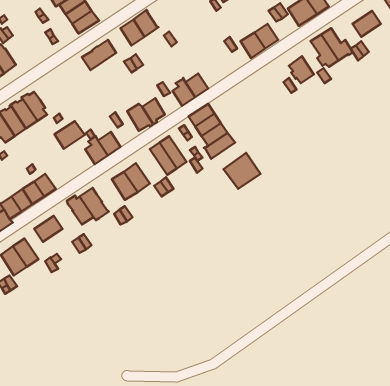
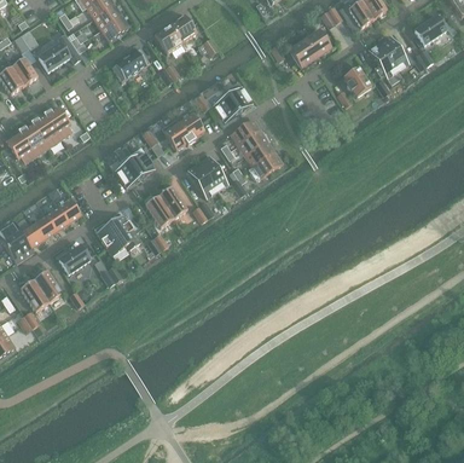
building: none -> [39,33,80,71]
building: [55,121,85,149] -> none
building: [223,153,260,189] -> none

